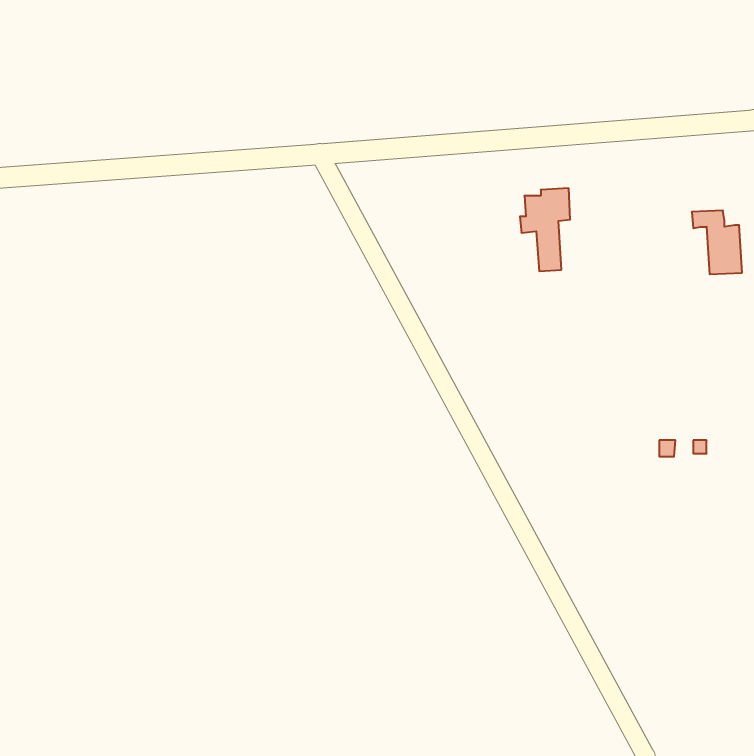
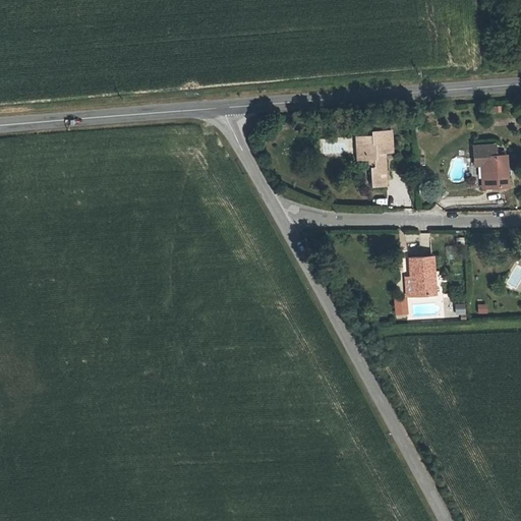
building: none -> [406,262,431,299]

